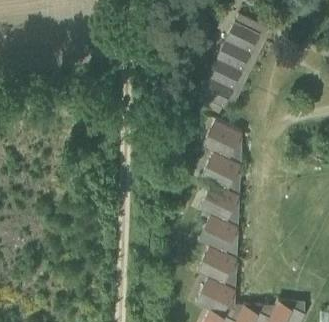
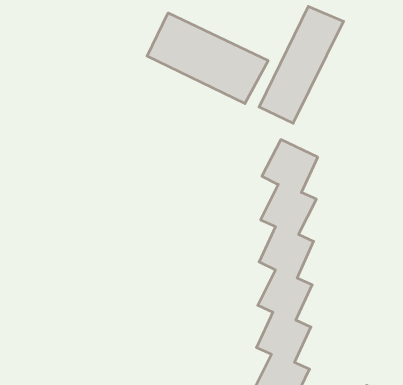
building: none -> [147,13,268,104]

